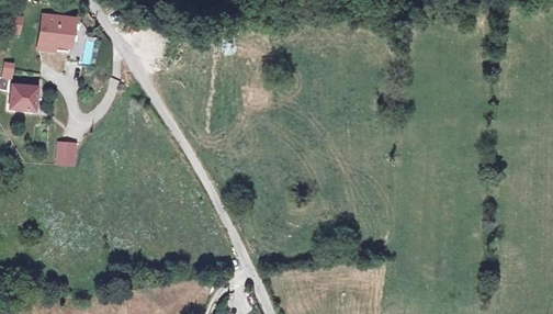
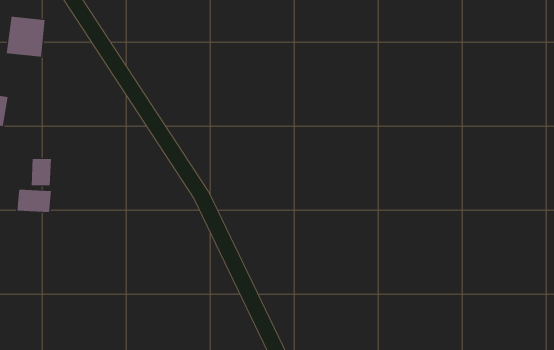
building: none -> [17,189,52,213]

